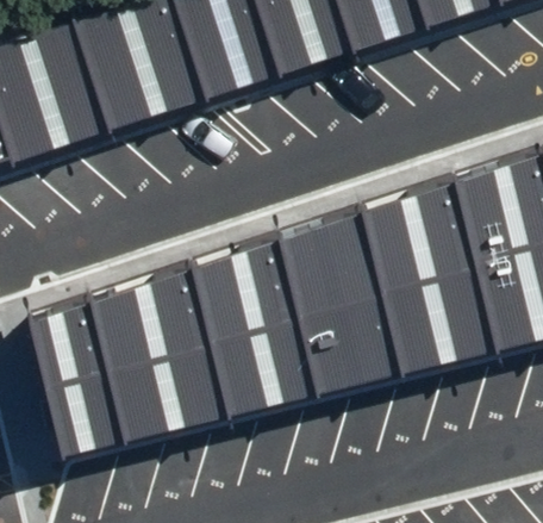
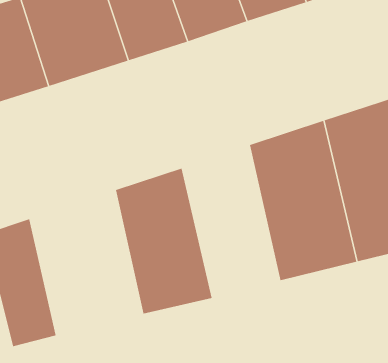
building: [258,212,380,403] -> none
building: [69,268,210,449] -> none

